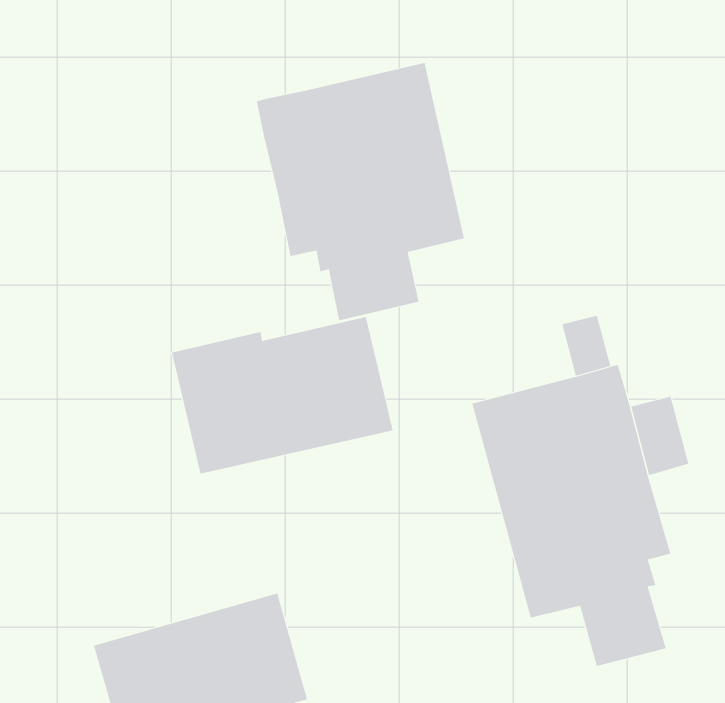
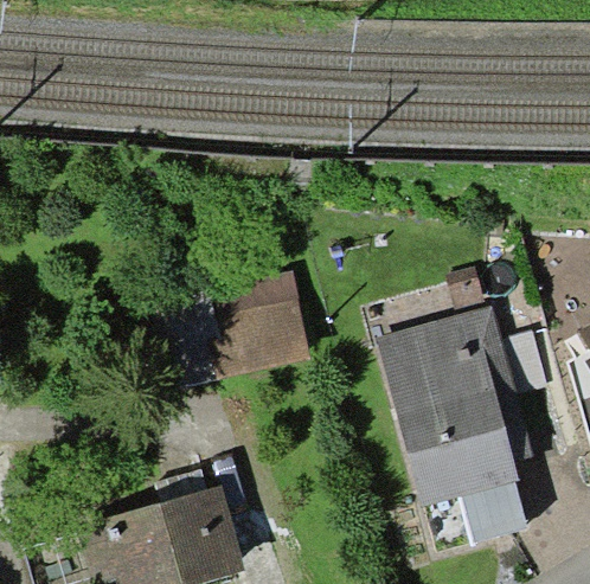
building: [256,62,464,321] -> none

